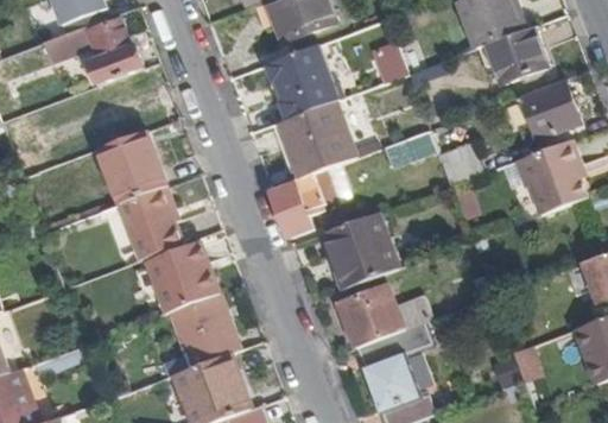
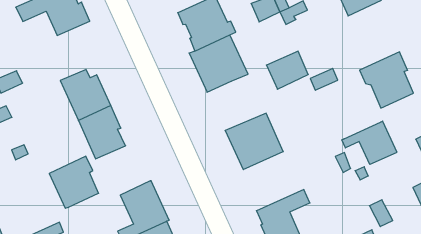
building: [519,77,581,144] -> none
building: [271,164,341,236] -> none
building: none -> [342,121,397,164]
building: [146,242,213,312] -> [49,156,99,208]
building: [337,283,430,347] -> none

